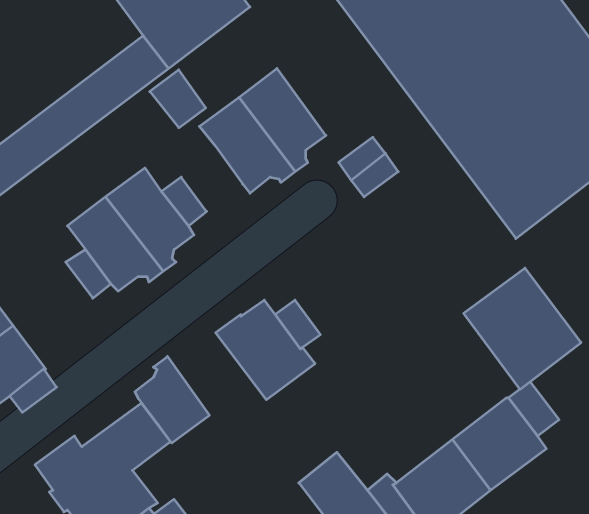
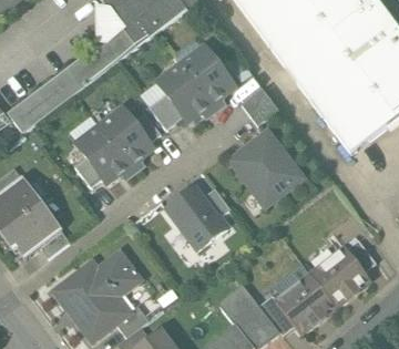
building: [150,70,206,128] -> [149,94,183,130]
building: [464,268,581,389] -> [231,132,303,206]
building: [135,356,209,443] -> none

